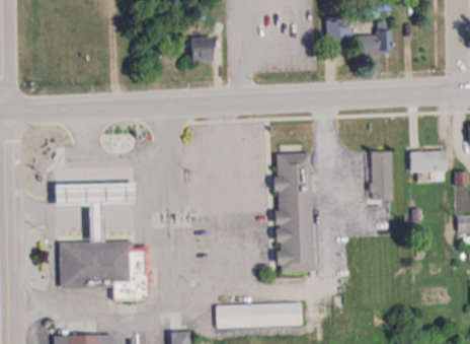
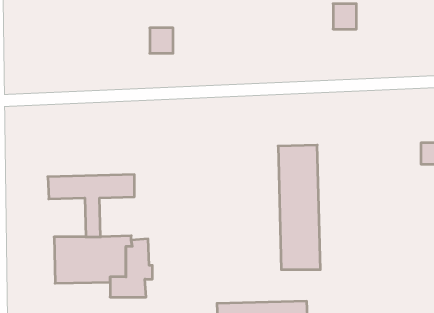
building: [359,22,392,55] -> none
building: [191,37,214,61] -> [150,28,173,53]
building: [367,151,392,202] -> none

